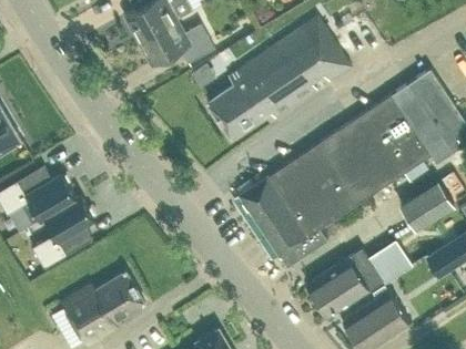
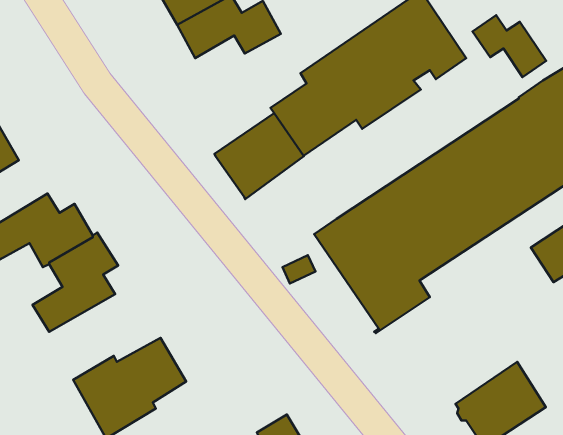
building: none -> [472,15,546,77]
building: none -> [215,113,304,199]
building: [373,234,417,278] -> none
building: [308,249,382,317] -> none

